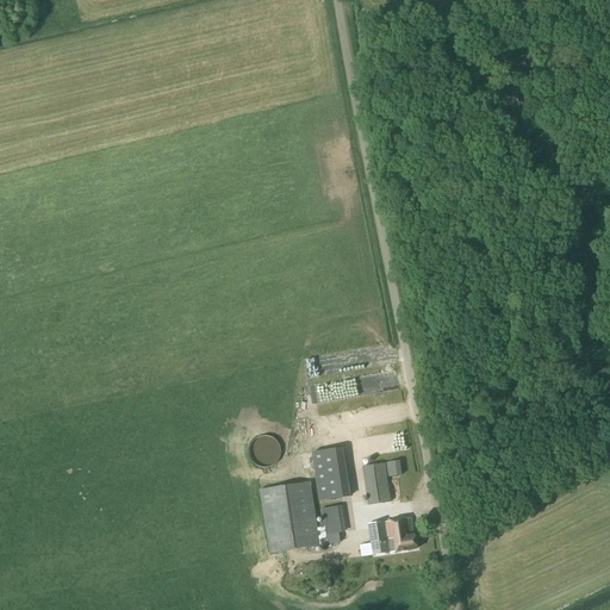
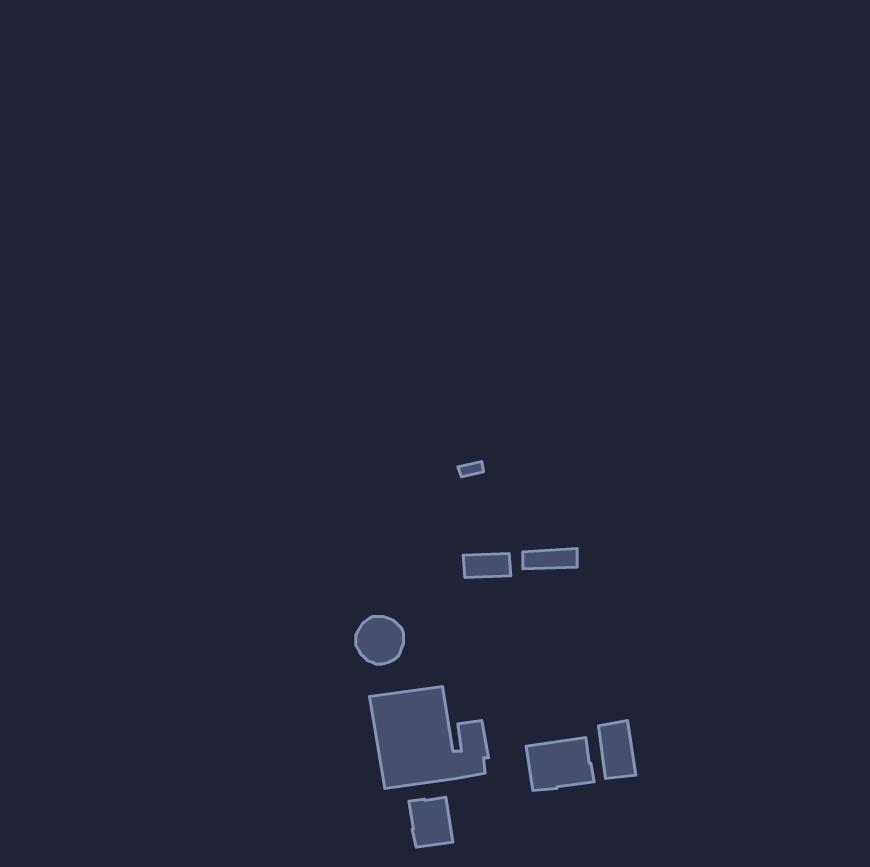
building: [311,446,348,499] -> none
building: [363,462,390,503] -> [599,721,636,778]
building: none -> [409,797,453,847]

